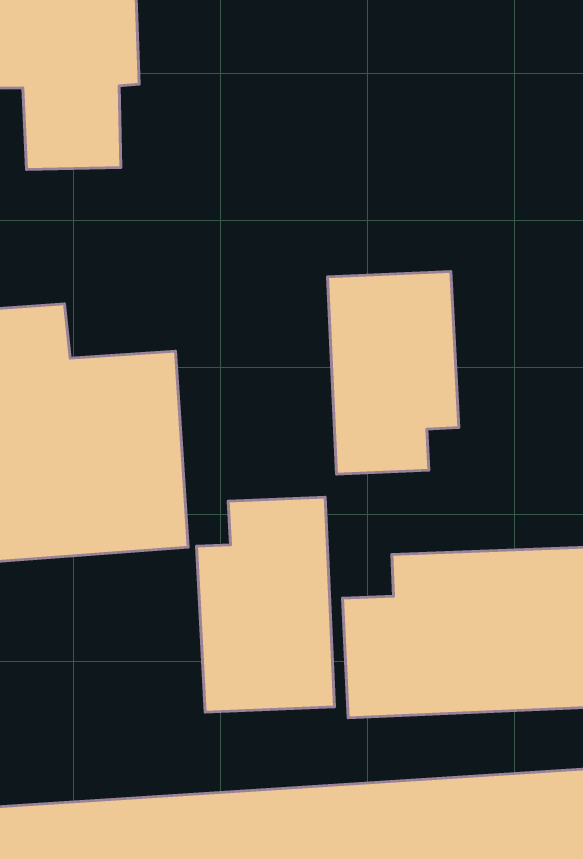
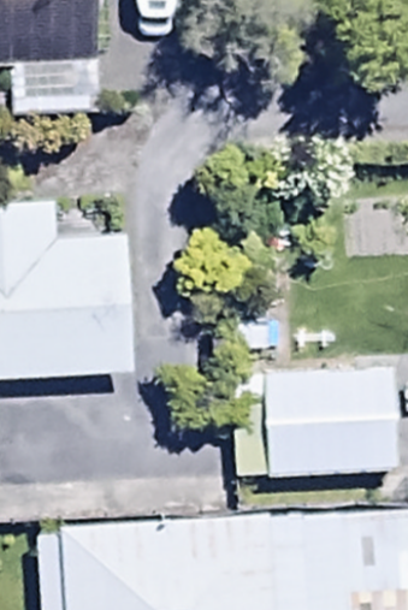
building: [328,271,459,474] -> none
building: [197,497,334,712] -> none

